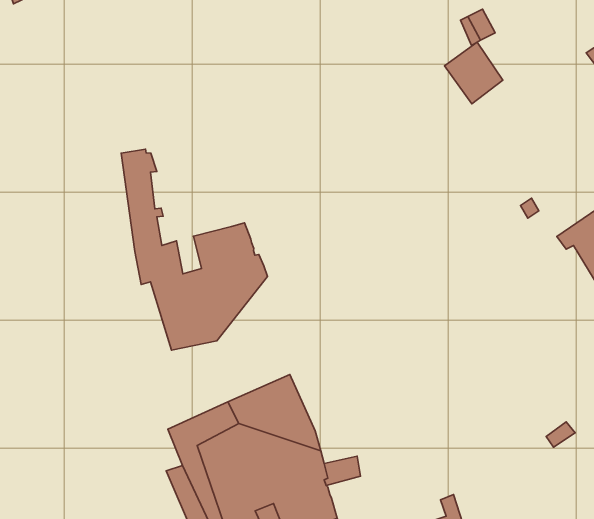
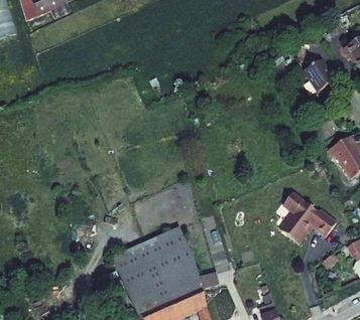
building: [445,42,503,104] -> [305,57,337,92]
building: [121,149,268,350] -> none
building: none -> [281,192,338,244]

